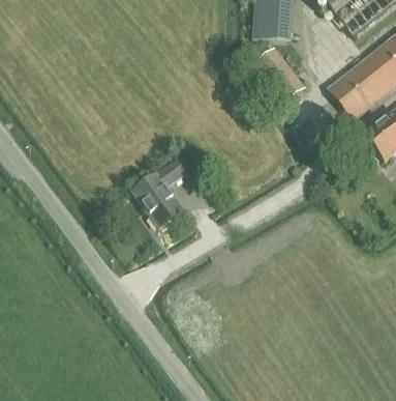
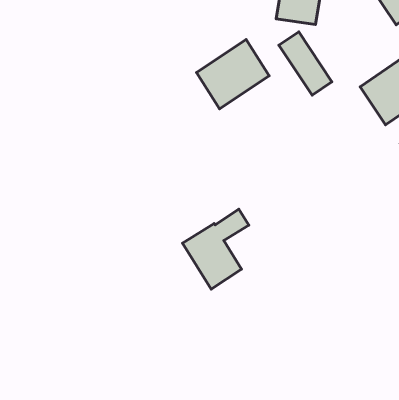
building: none -> [196,40,269,109]
building: [133,156,187,225] -> [183,209,249,289]

